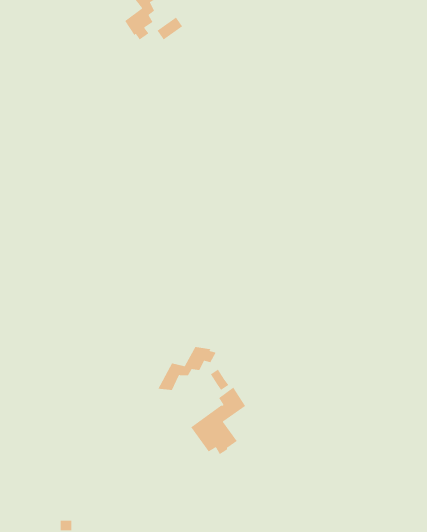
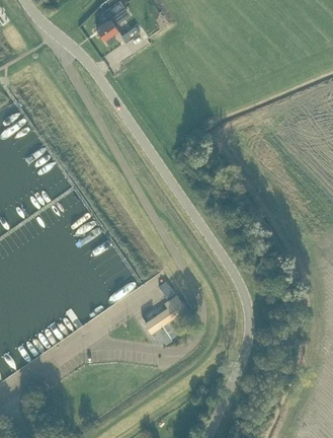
building: [157,346,217,391] -> none

